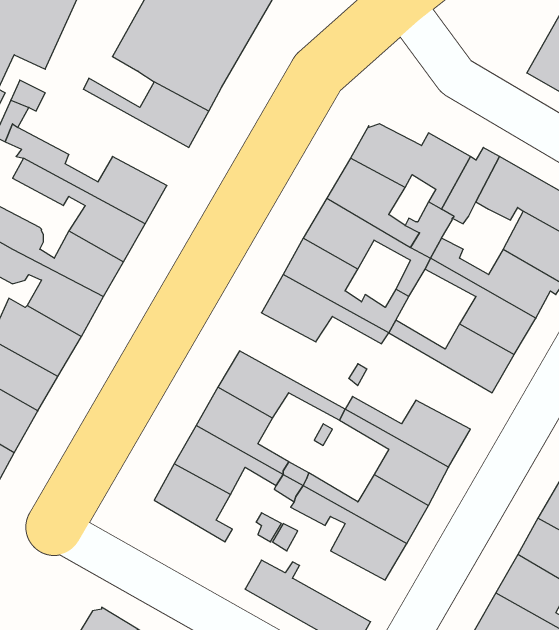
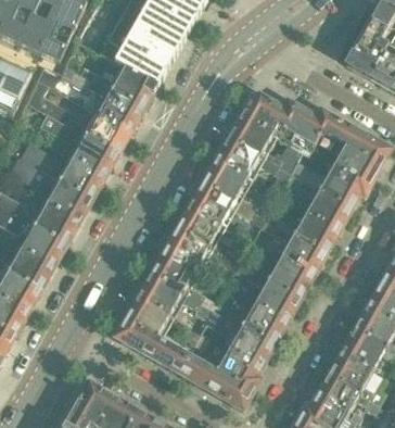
building: none -> [59,65,143,130]
building: none -> [174,206,241,264]
building: none -> [258,218,324,276]
building: none -> [116,318,187,372]
building: none -> [205,349,260,391]

